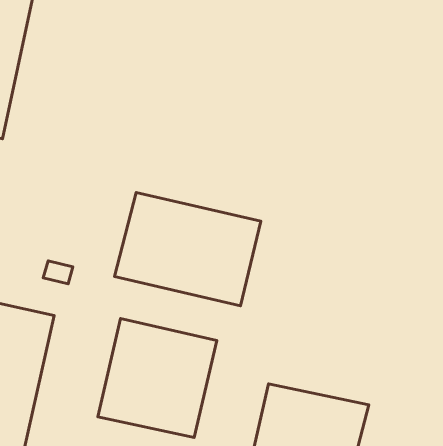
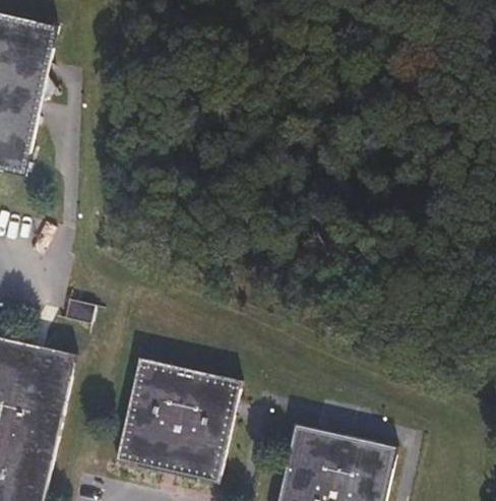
building: [115,192,261,306] -> none

